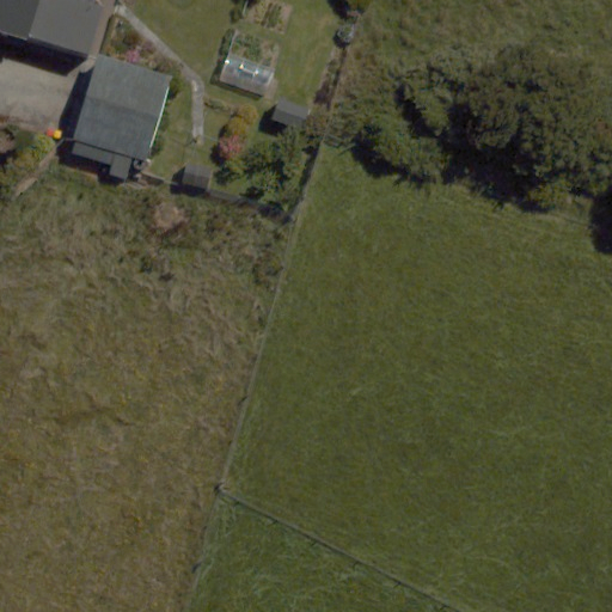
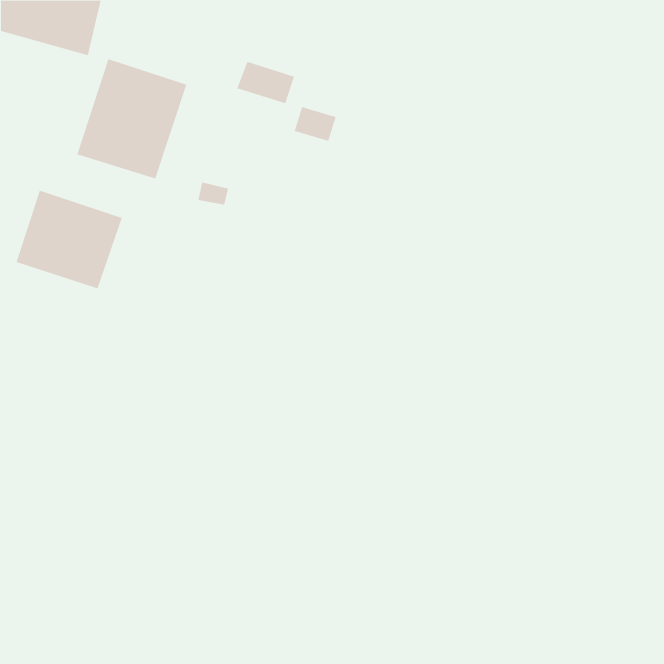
building: none -> [16,190,122,289]

